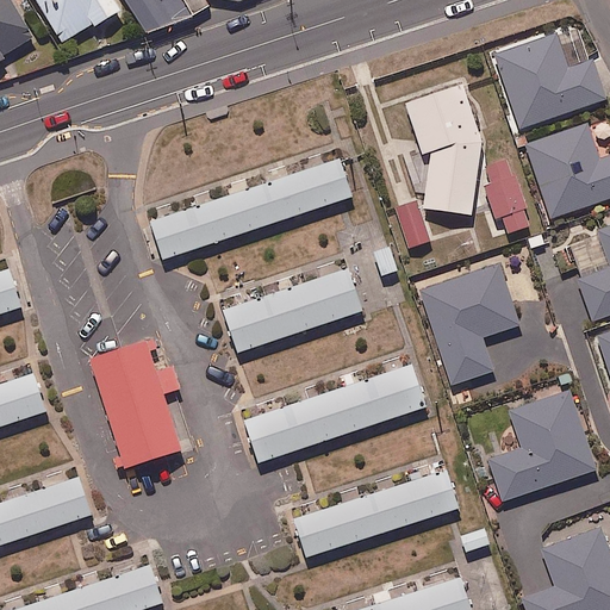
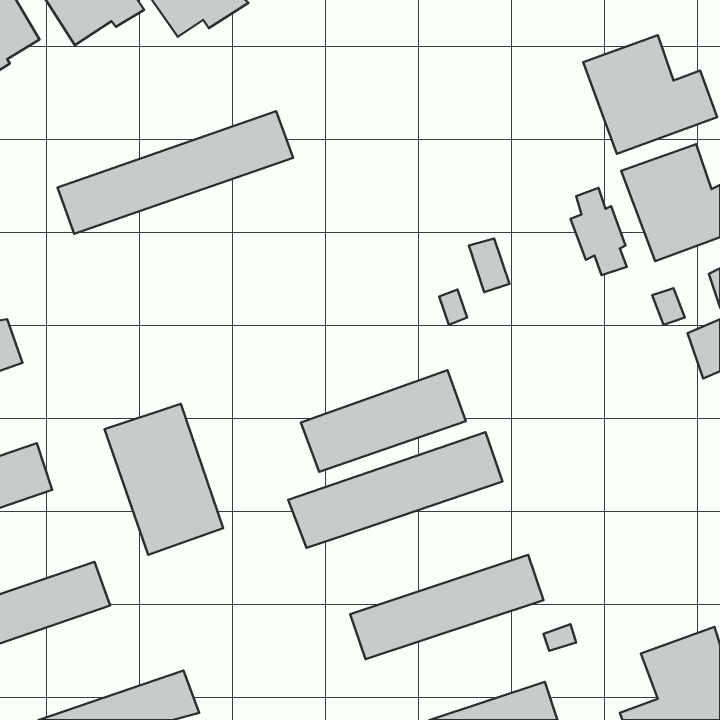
building: [406,86,480,212] -> none
building: [154,157,353,261] -> [57,111,293,234]
building: [422,264,522,386] -> none
building: [220,266,360,351] -> [301,370,466,472]
building: [487,392,595,499] -> none

